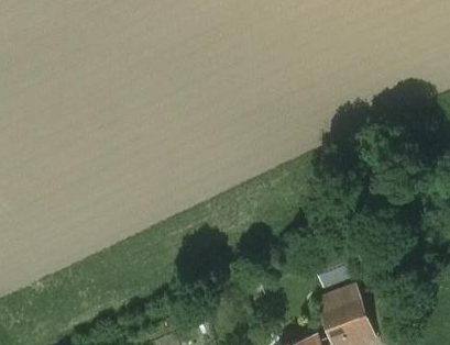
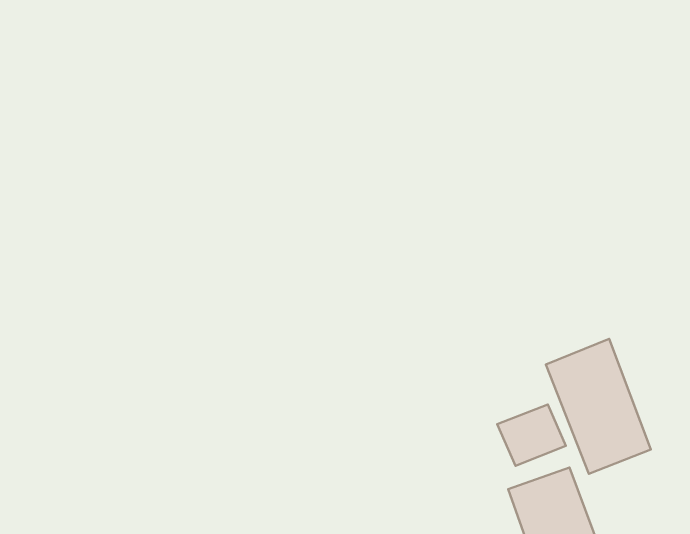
building: none -> [546,339,651,474]

